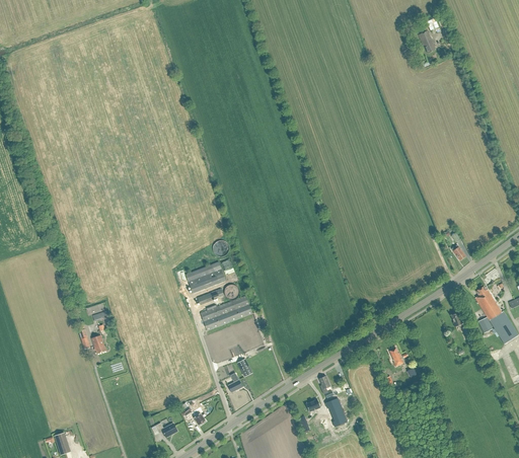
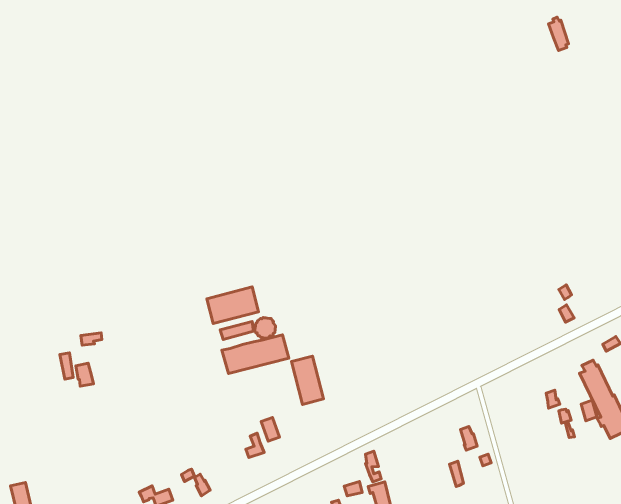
building: none -> [292,356,323,404]

